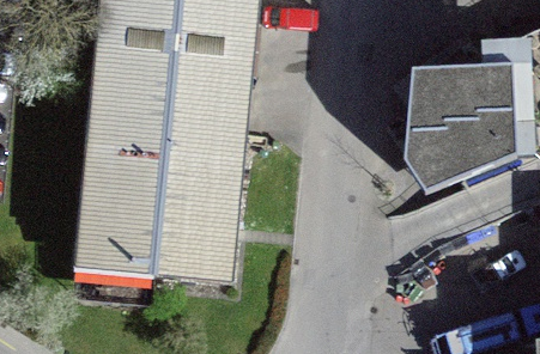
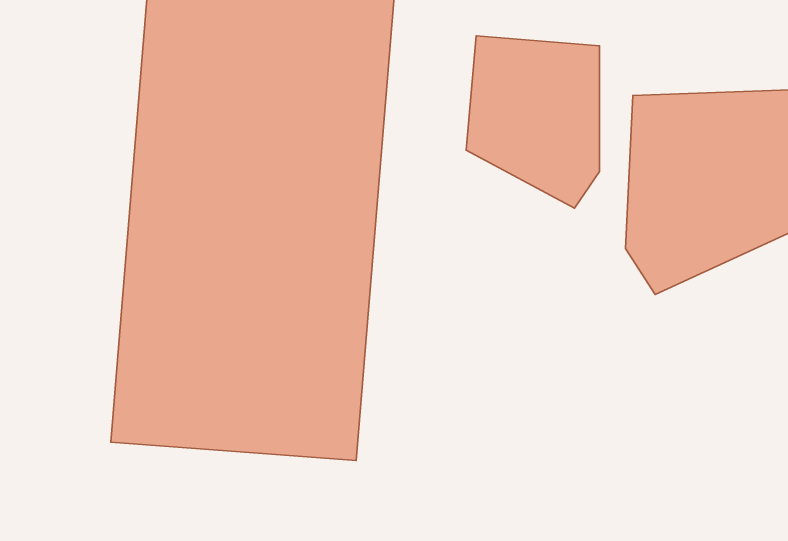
building: none -> [466,36,600,208]

